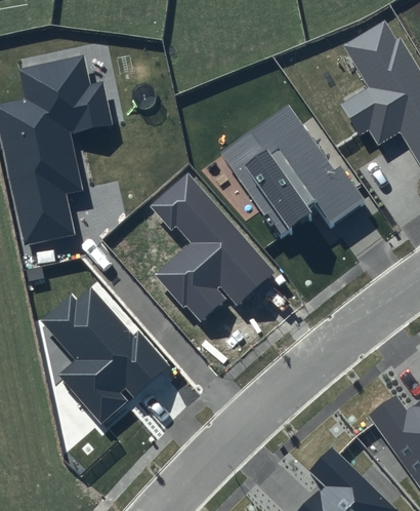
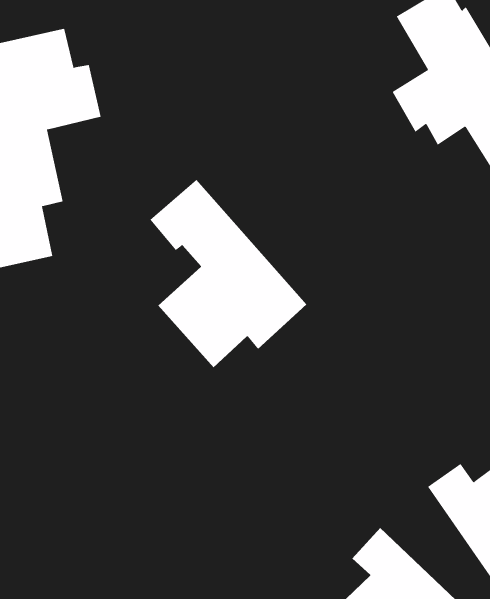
building: [220,105,367,239] -> none
building: [41,287,168,424] -> none

